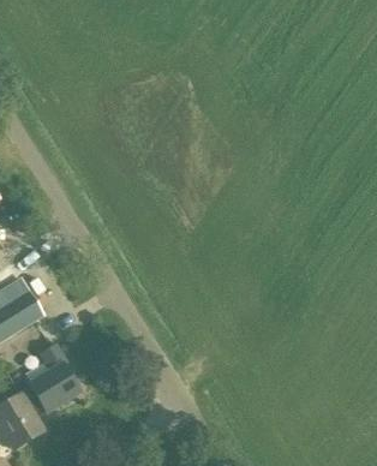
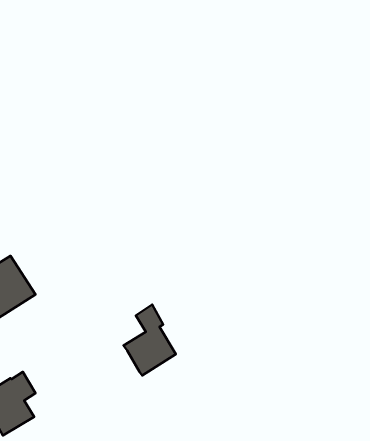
building: [29,345,79,413] -> [123,304,176,375]

